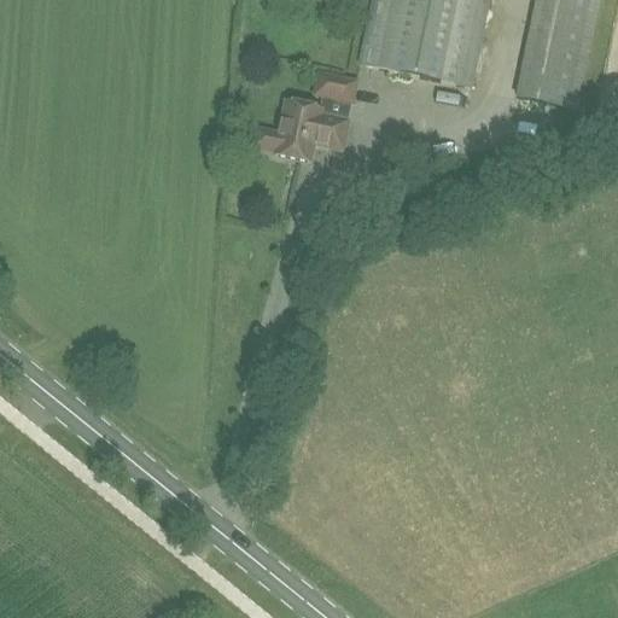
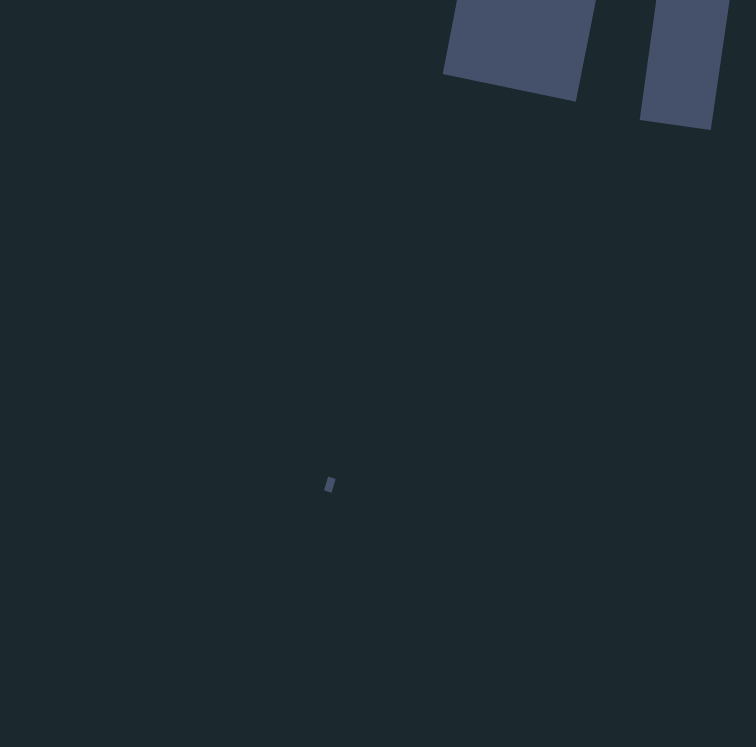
building: [313,68,360,100] -> none
building: [252,98,349,157] -> none

